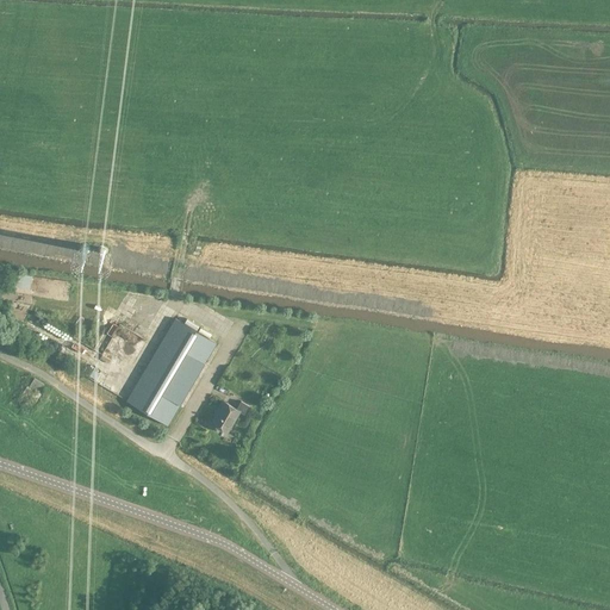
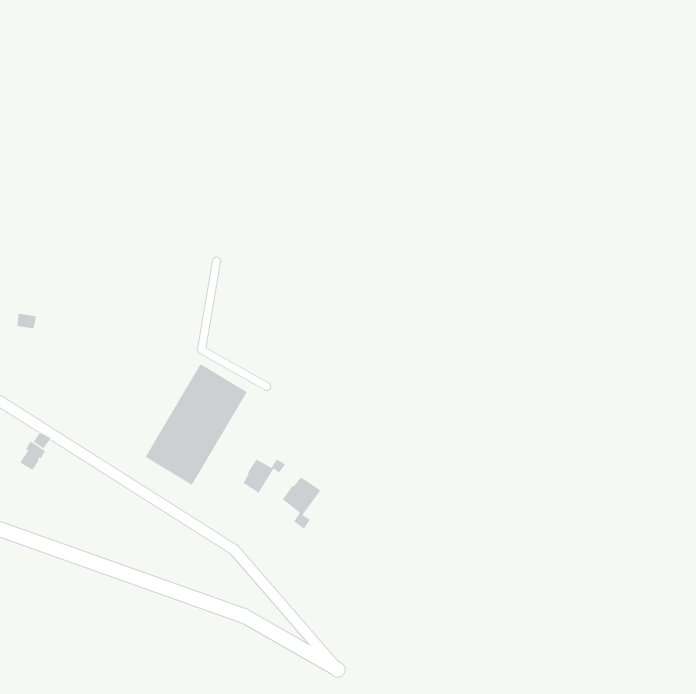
building: none -> [282,476,321,530]

